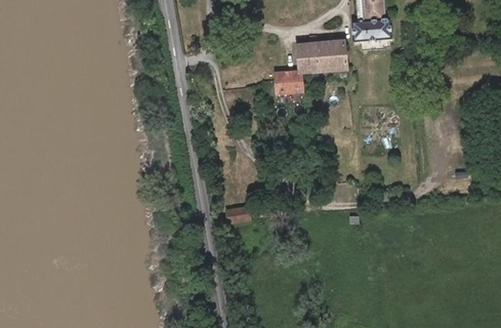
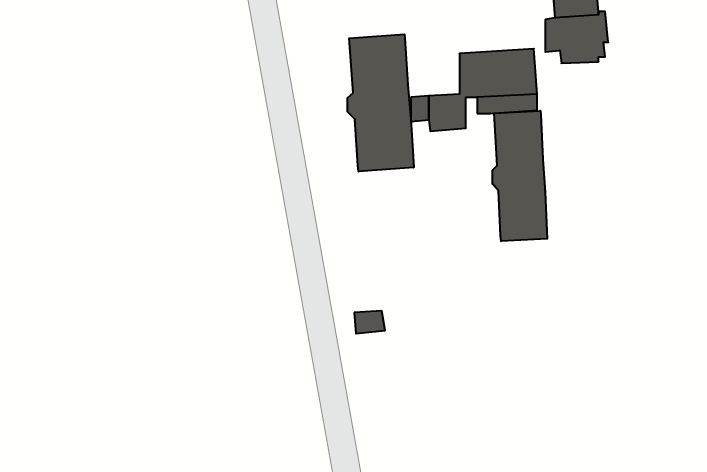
building: none -> [348,34,414,172]
building: none -> [492,111,547,241]

